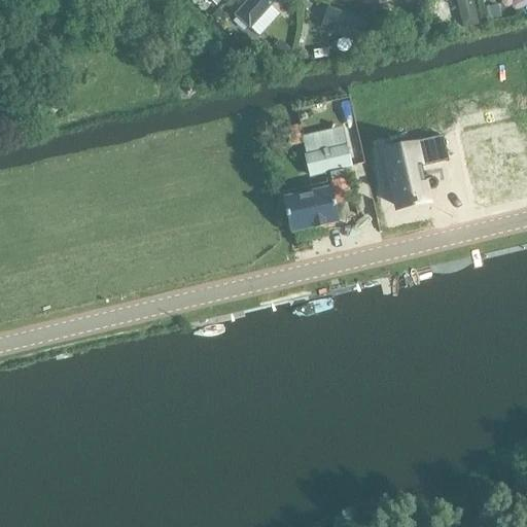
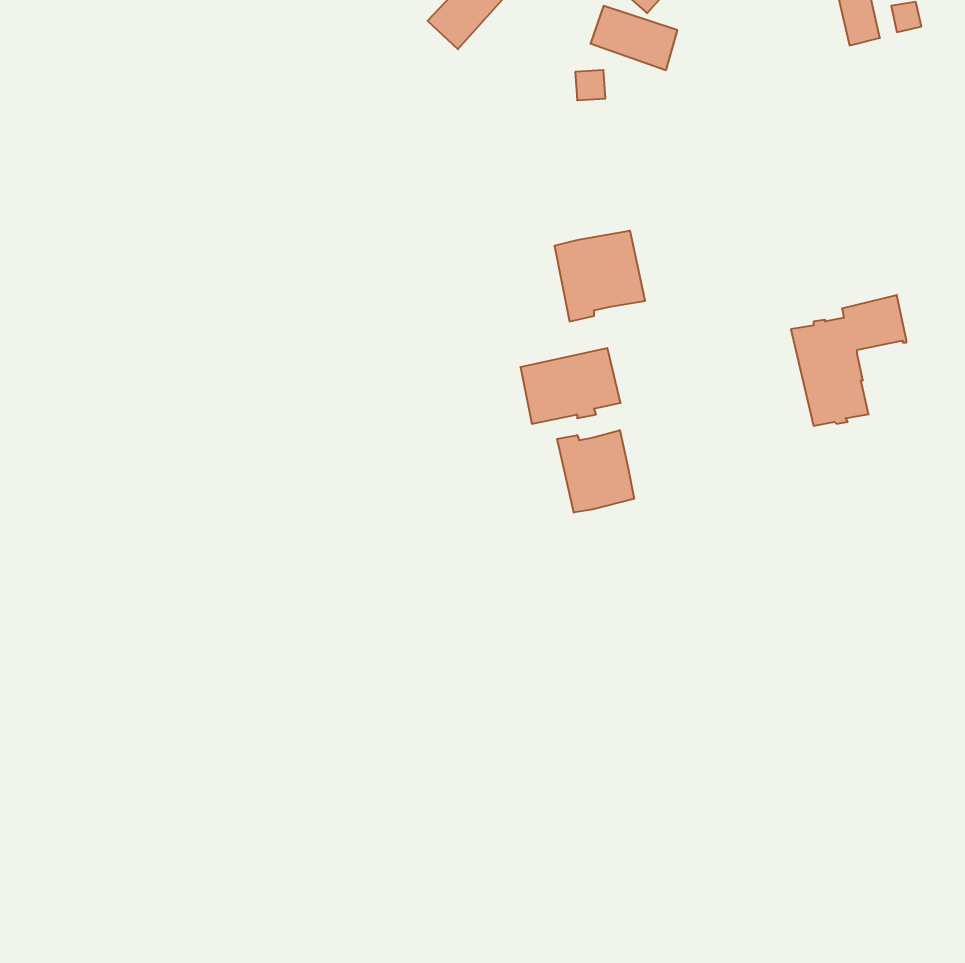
building: [385,134,448,205] -> [791,295,906,426]
building: none -> [557,430,634,513]

